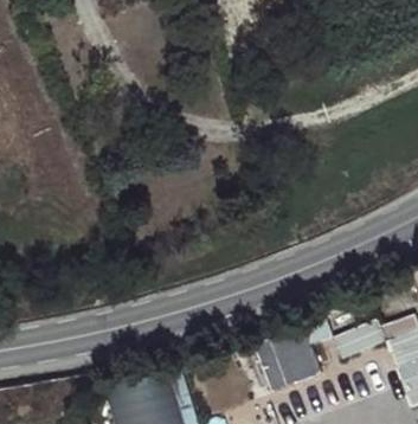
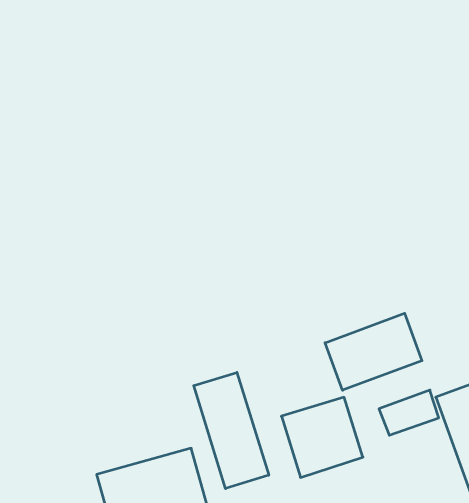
building: none -> [325,313,422,390]
building: none -> [194,372,269,489]

